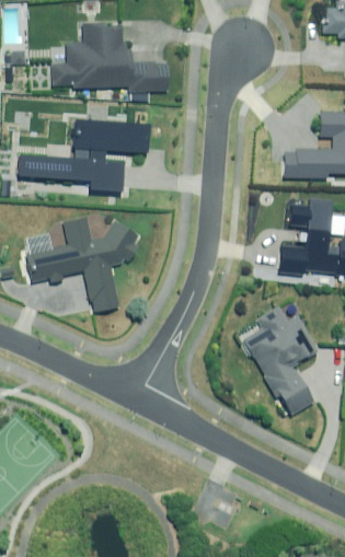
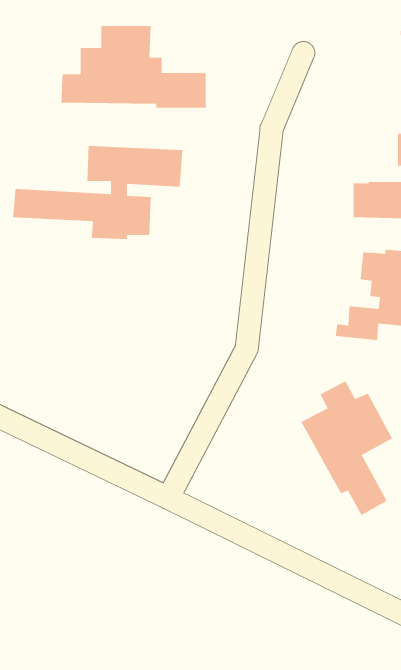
building: [22,218,142,314] -> none

